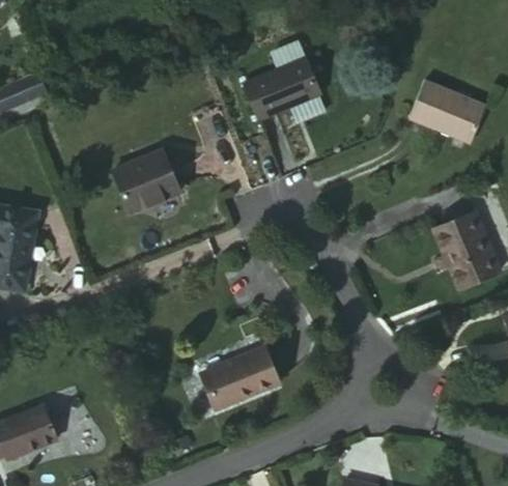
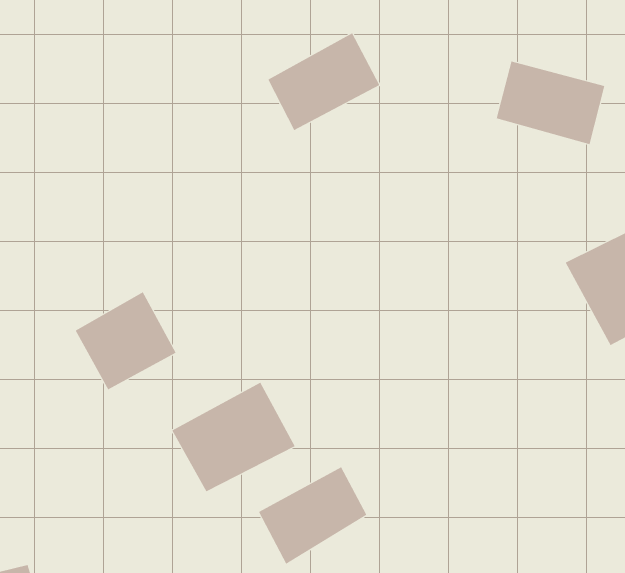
building: [112,148,178,211] -> [75,292,177,390]
building: none -> [171,382,296,492]

